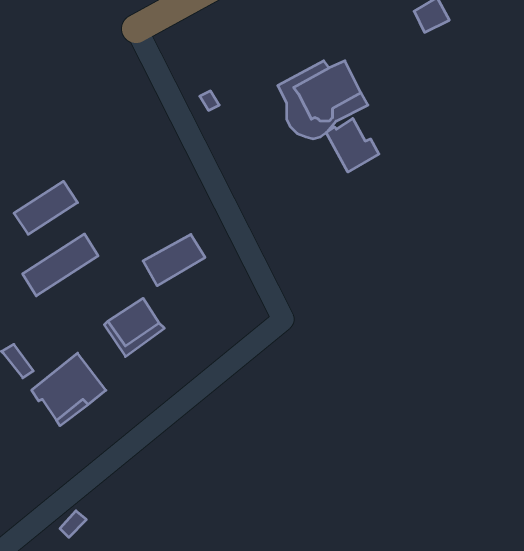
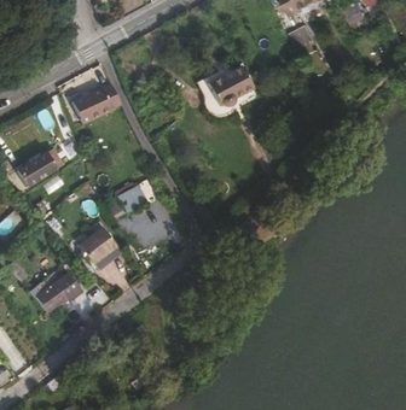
building: none -> [72,82,121,121]
building: [326,118,379,172] -> none
building: [23,234,98,296] -> none

